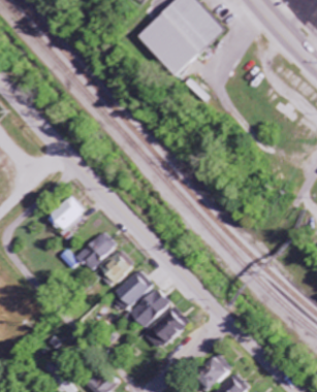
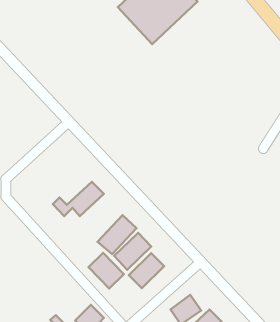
building: [49,195,87,232] -> none
building: [100,252,133,285] -> none
building: none -> [88,253,124,289]

